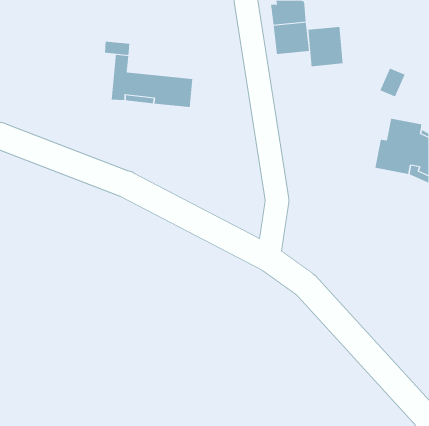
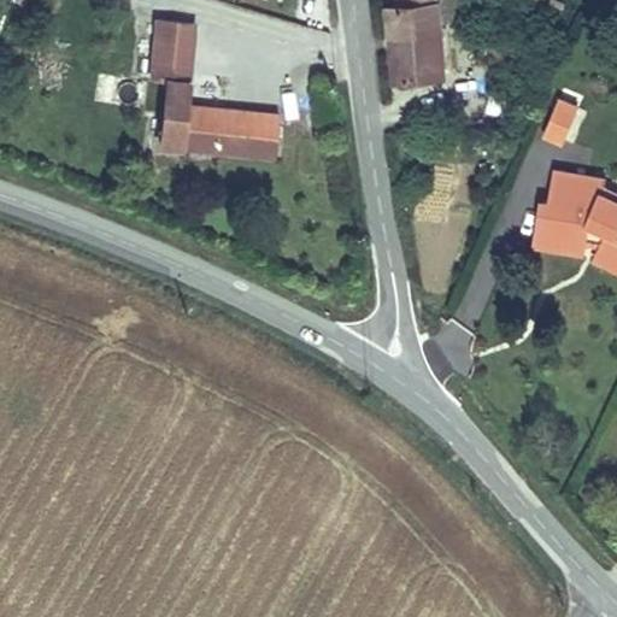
building: none -> [151,22,192,66]
building: [308,26,343,67] -> none

